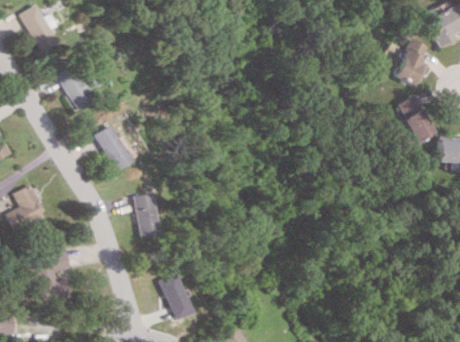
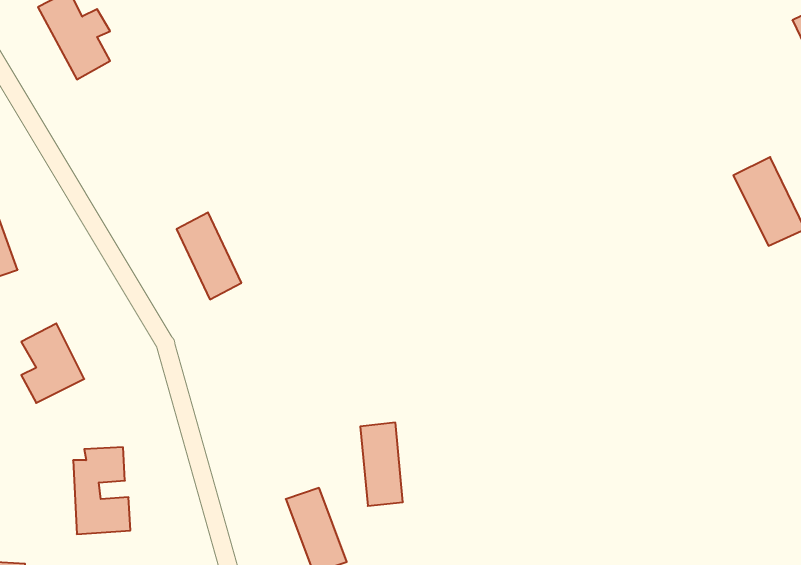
building: [394,38,429,87] -> none
building: [57,64,100,111] -> none
building: [134,193,157,238] -> [360,423,403,506]

